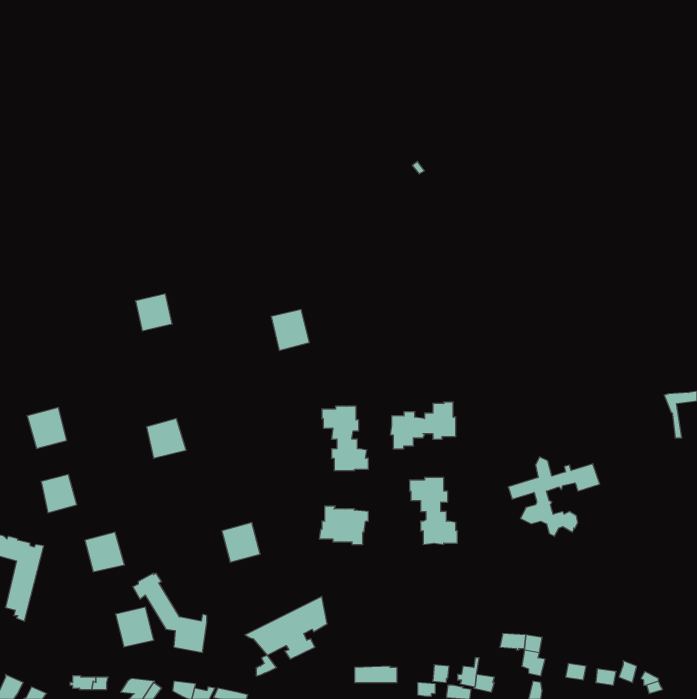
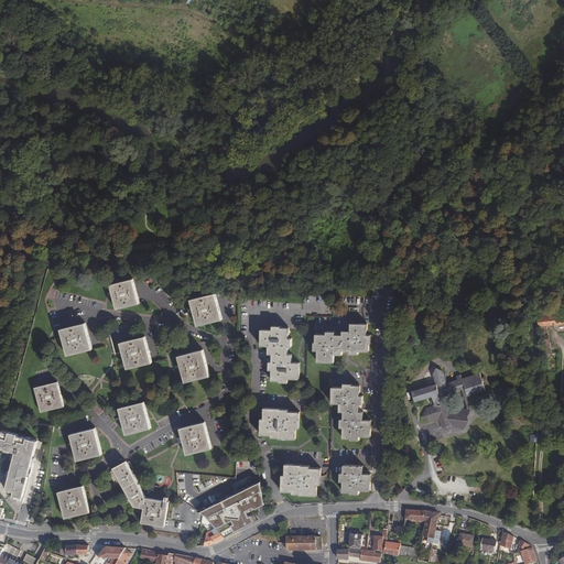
building: [135,294,172,331] -> [108,278,138,307]
building: [271,310,309,351] -> [189,292,220,325]
building: [27,408,67,449] -> [58,323,90,356]
building: none -> [176,348,208,380]
building: none -> [118,401,149,434]
building: none -> [279,464,318,496]
building: none -> [336,464,367,491]
building: [115,607,154,647] -> [57,486,88,518]

